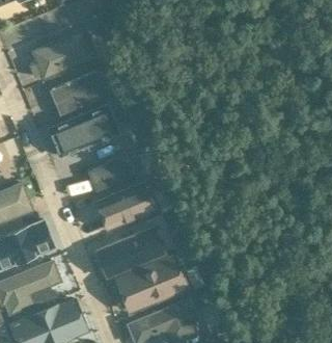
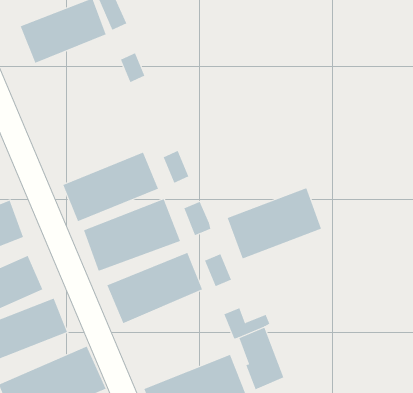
building: [47,75,101,120] -> none
building: [44,105,121,164] -> none
building: [110,260,182,314] -> [227,188,322,259]

